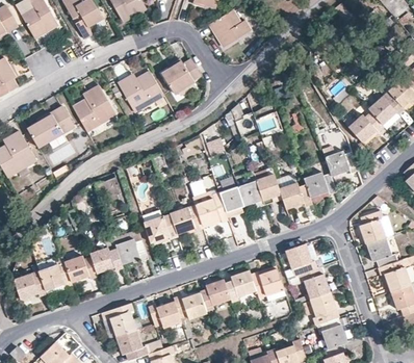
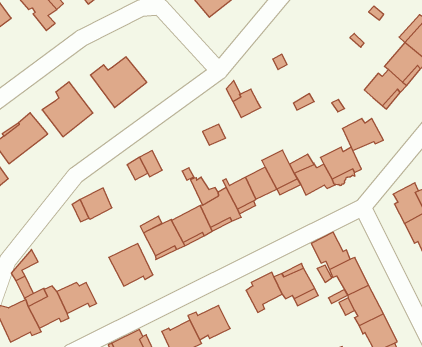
building: [163,59,202,95] -> none
building: [89,238,123,273] -> none
building: [199,278,231,310] -> none

